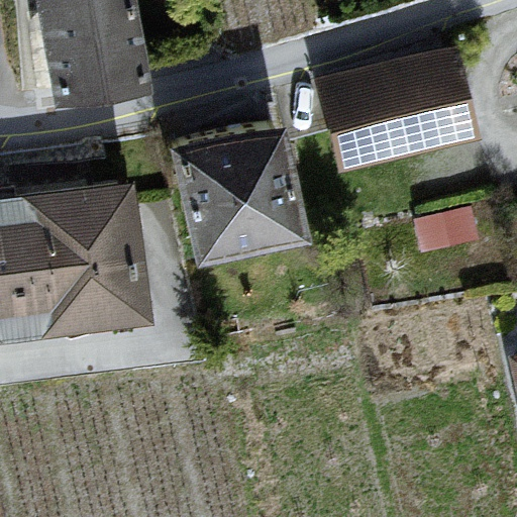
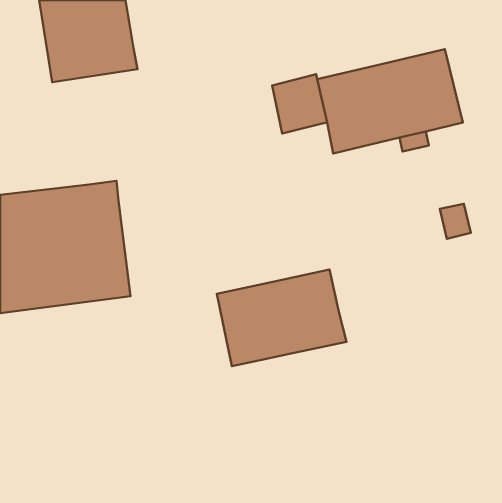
building: [181,127,302,247] -> none
building: none -> [217,270,346,366]

